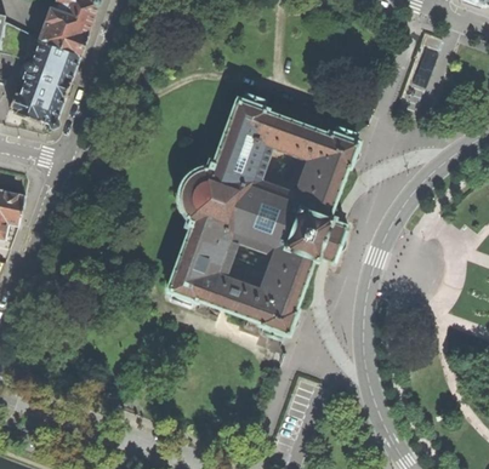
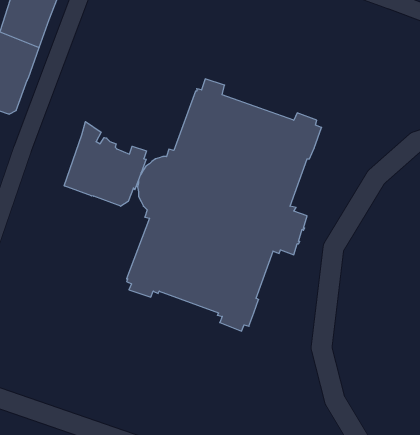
building: none -> [64,122,146,206]

